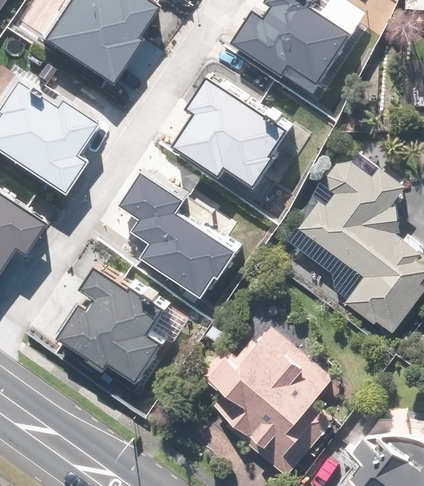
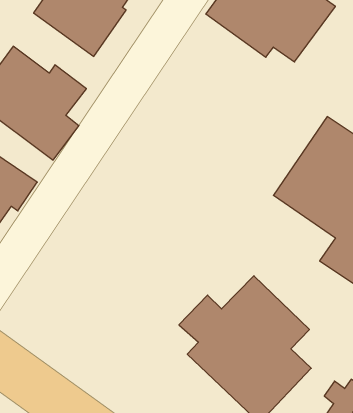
building: [166,62,304,199] -> none
building: [120,164,247,303] -> none
building: [55,264,161,382] -> none

